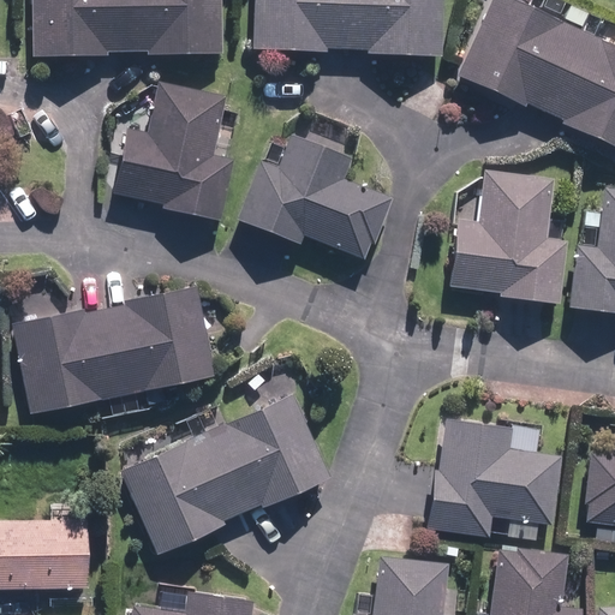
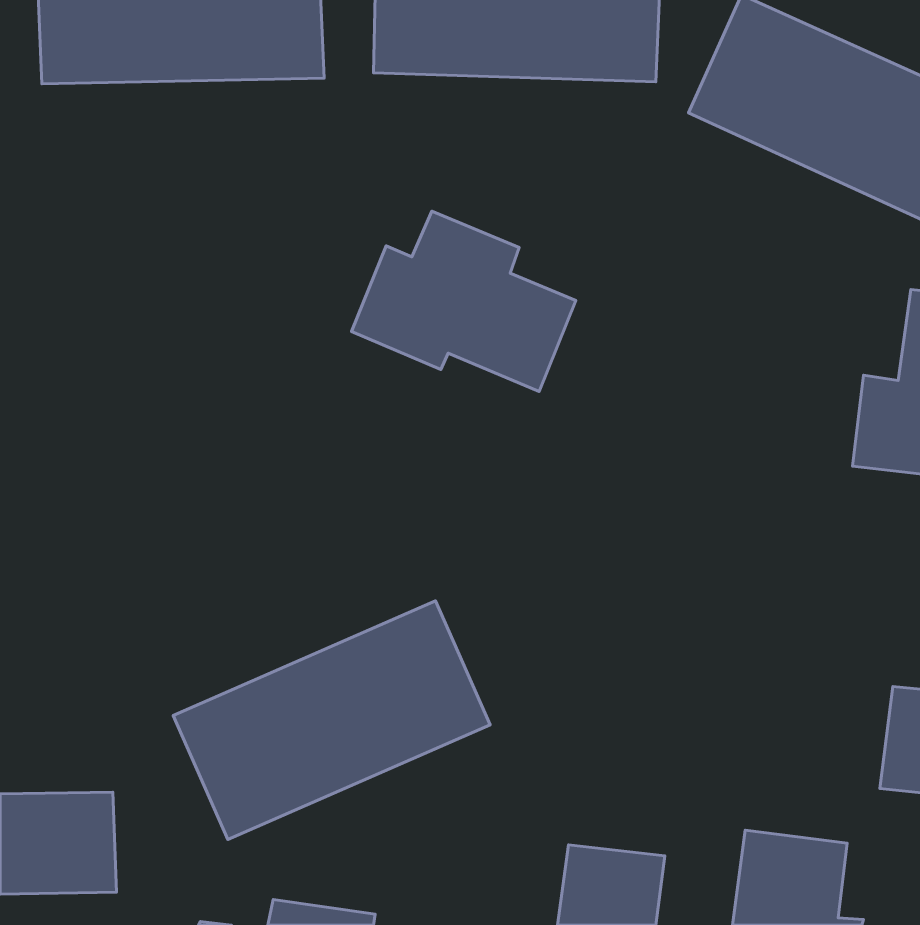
building: [114,83,234,221] -> none
building: [450,172,567,304] -> none
building: [13,289,215,413] -> none
building: [426,418,560,532] -> none

